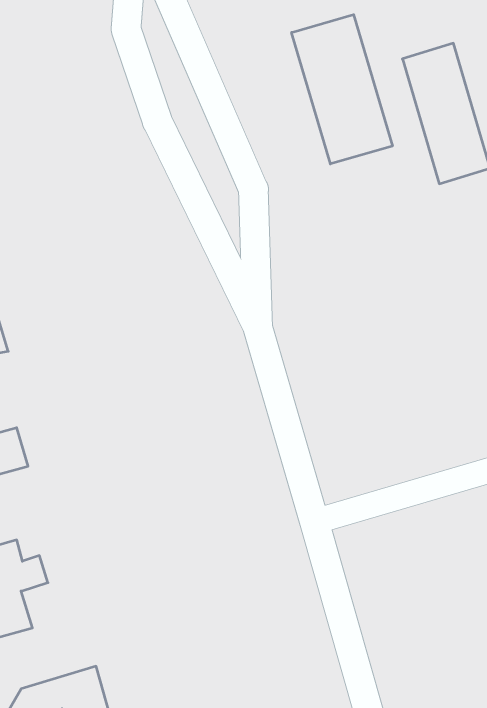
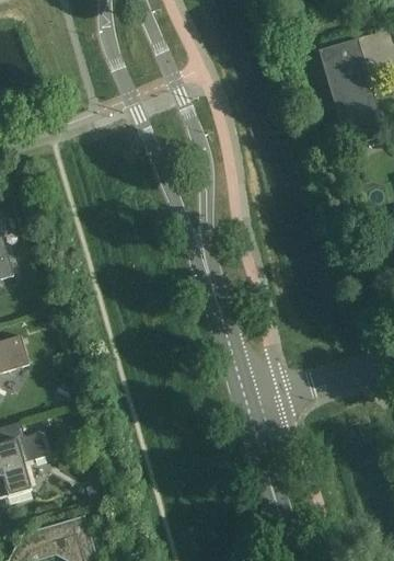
building: [292,15,392,164] -> none

